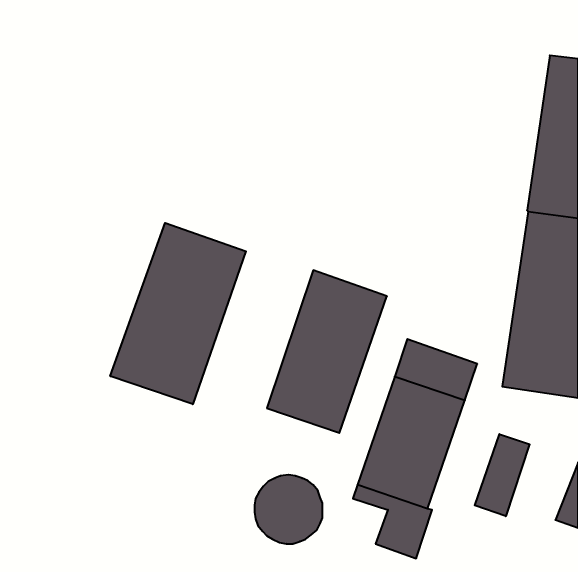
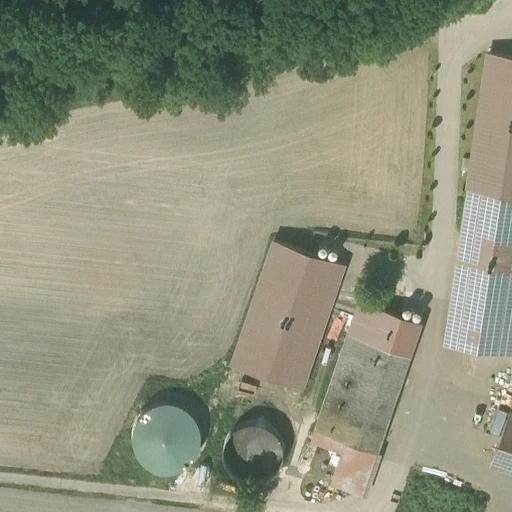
building: [110,223,246,404] -> none
building: [475,434,530,516] -> none
building: none -> [131,403,202,474]

